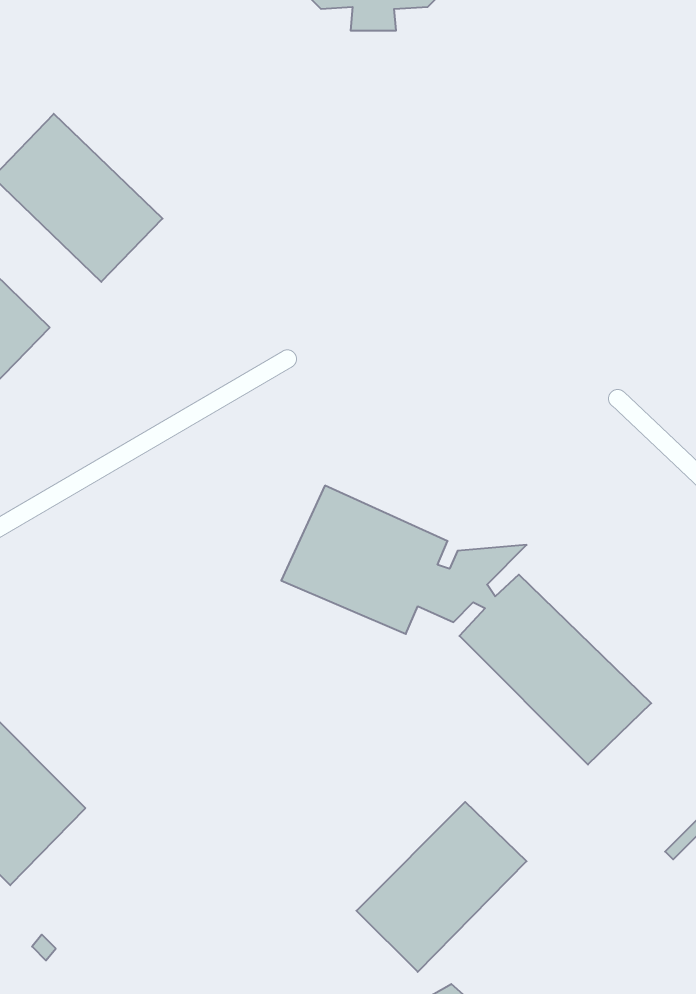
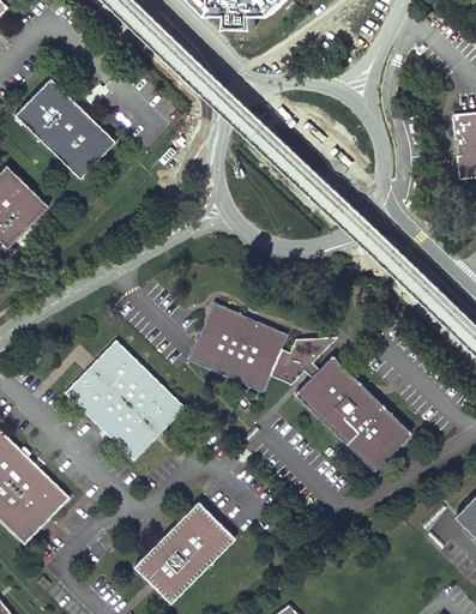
building: none -> [64,339,183,459]
building: [356,802,527,972] -> [132,500,235,603]

